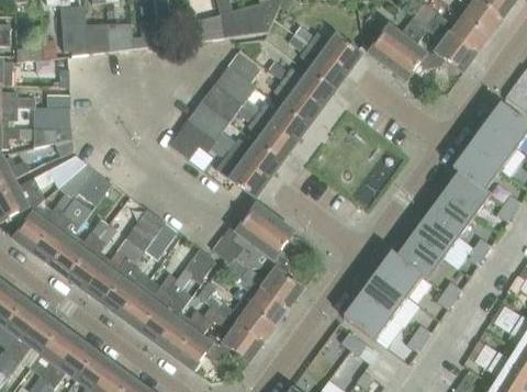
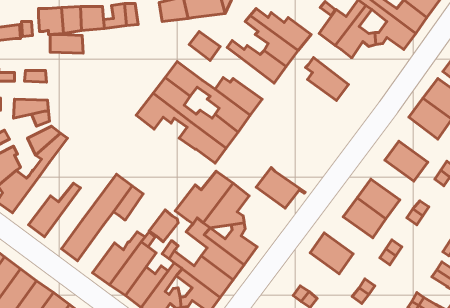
building: [214,66,256,105] -> none
building: [273,79,321,126] -> [306,58,348,100]
building: [35,107,71,127] -> [50,34,83,53]
building: [452,146,501,195] -> none
building: [77,169,112,204] -> none
building: [427,193,474,237] -> none
building: [33,211,81,265] -> none
building: [68,224,116,291] -> none
building: [375,251,429,296] -> [256,167,305,208]
building: [104,265,145,317] -> none
building: [344,295,392,340] -> none

